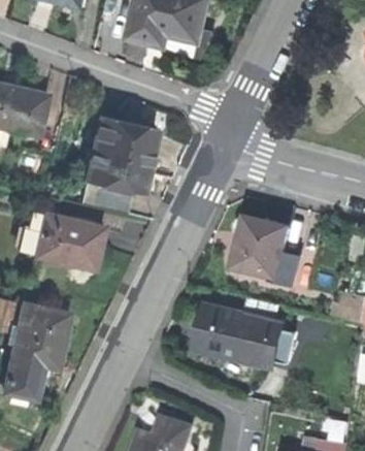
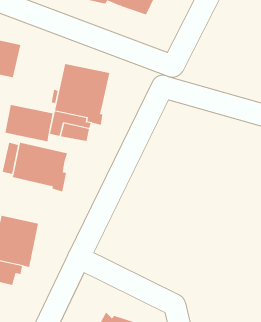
building: none -> [5,104,53,142]
building: [230,216,294,285] -> none
building: [192,307,302,367] -> none

